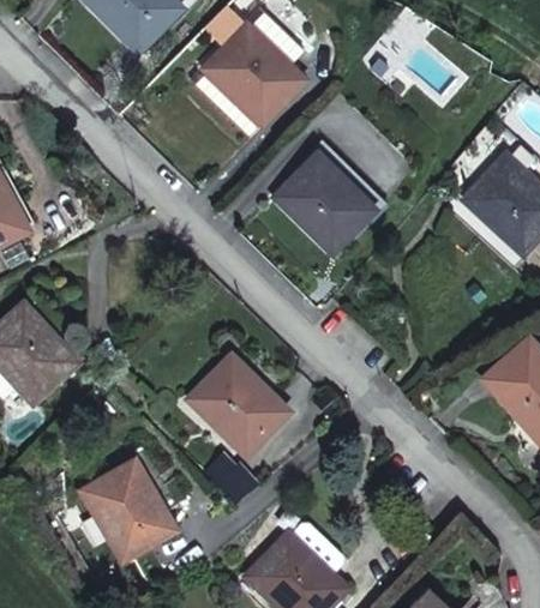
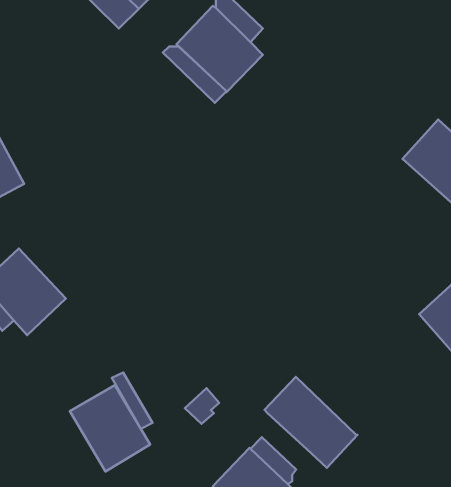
building: [275,153,374,254] -> none
building: [188,356,288,457] -> none
building: none -> [264,377,357,468]

